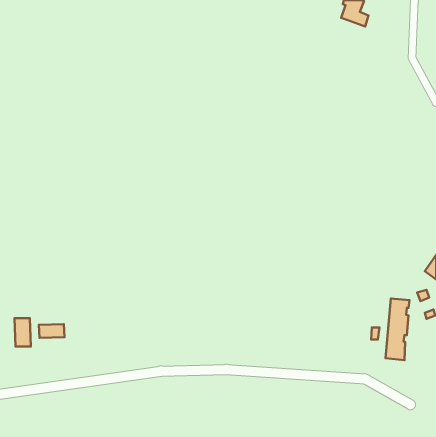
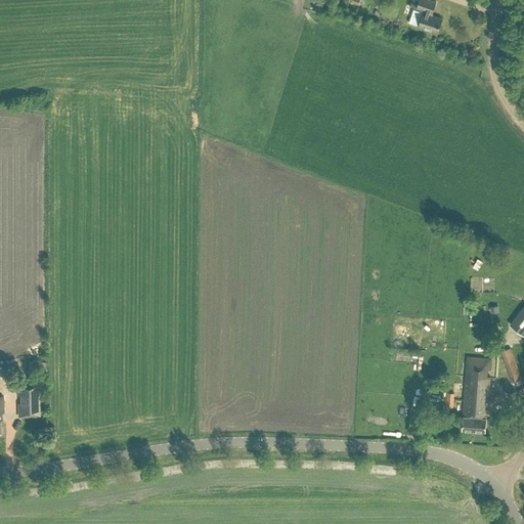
building: [39,324,65,338] -> none

